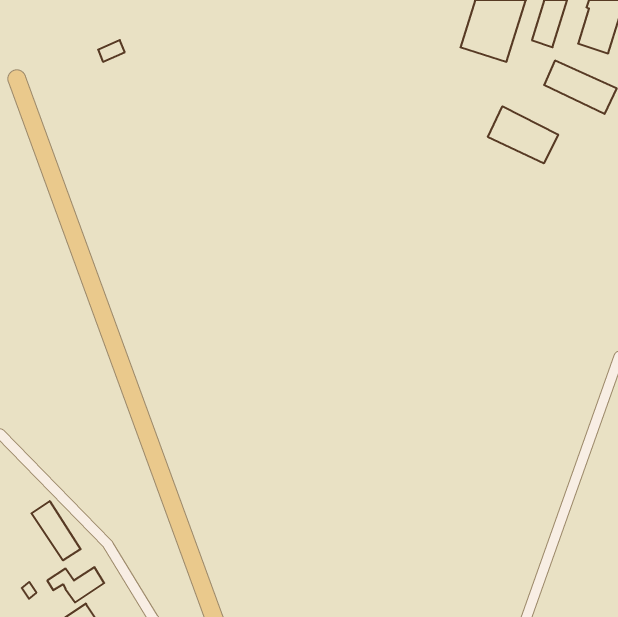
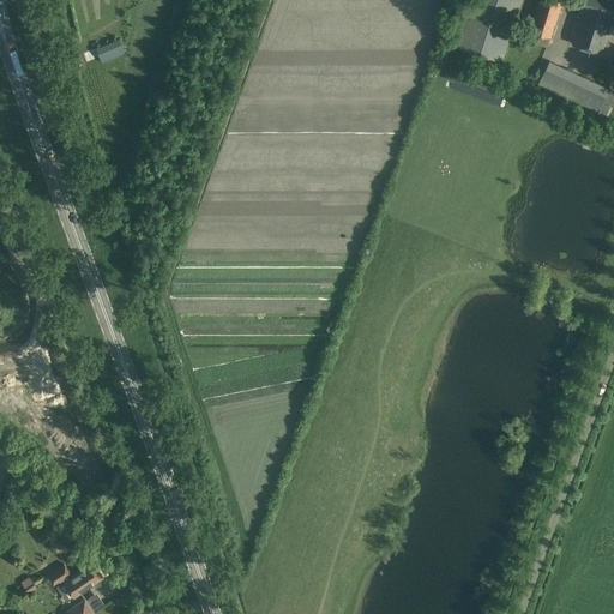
building: [488,106,558,163] -> none
building: [31,501,81,560] -> none

